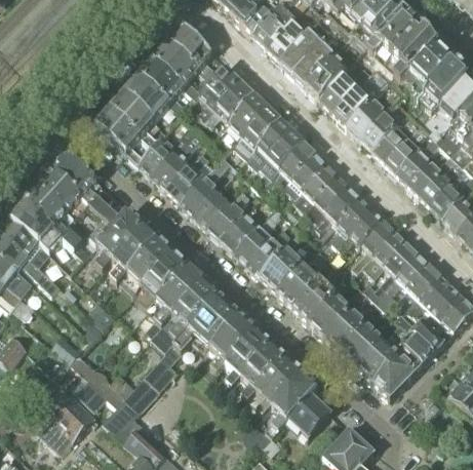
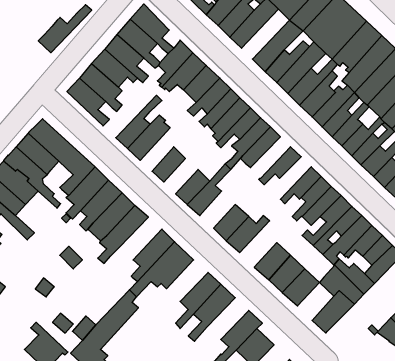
building: [295,31,350,87] -> none
building: [139,122,199,177] -> [38,5,92,53]
building: [181,155,231,214] -> none
building: [306,175,351,223] -> none
building: [207,189,249,240] -> none
building: [333,198,375,246] -> none
building: [248,227,290,279] -> none
building: [147,267,205,335] -> none
building: [293,271,336,323] -> none
building: [204,315,258,379] -> none
building: [359,341,400,384] -> none
building: [257,358,304,415] -> none

